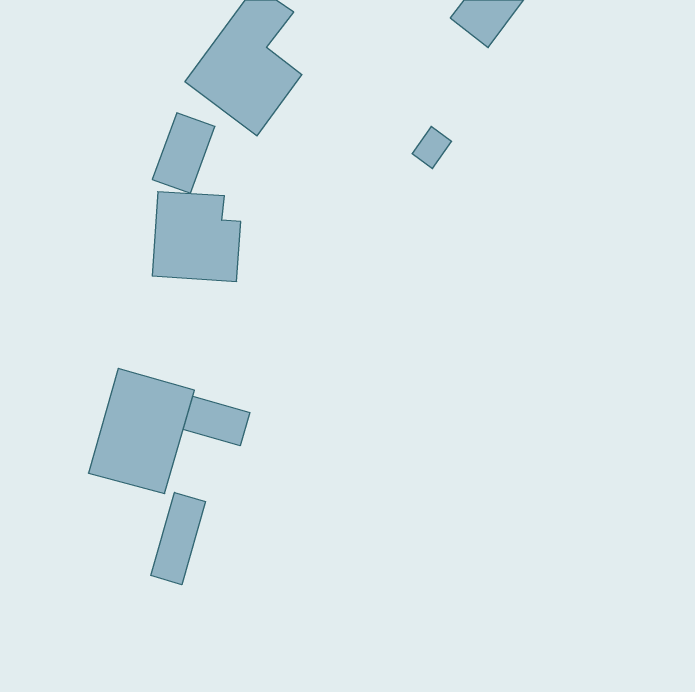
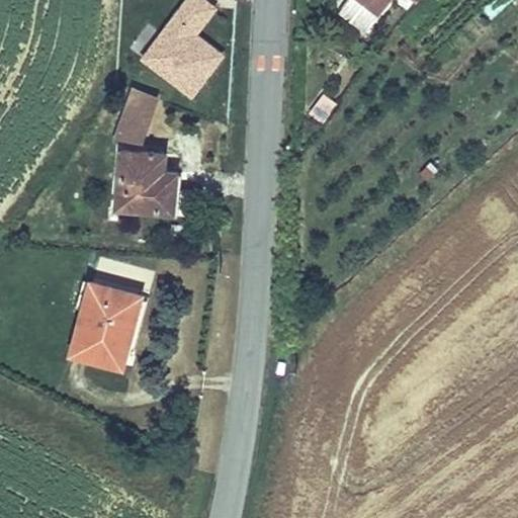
building: [183,396,250,446] -> none
building: [151,492,206,585] -> none

